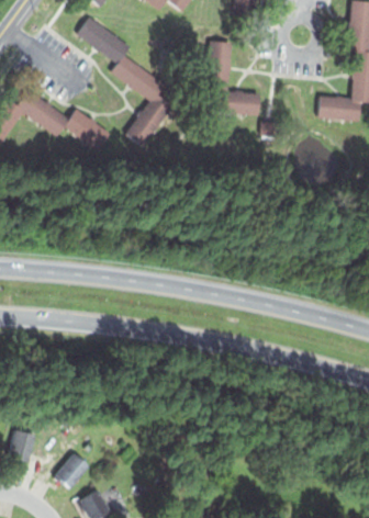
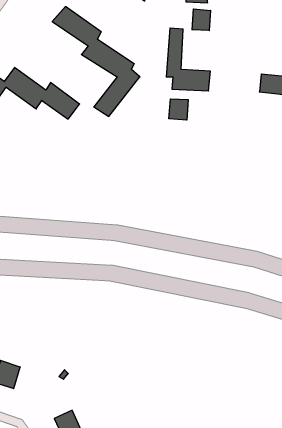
building: none -> [192,9,211,31]
building: none -> [169,99,188,120]
building: [53,452,89,491] -> none

